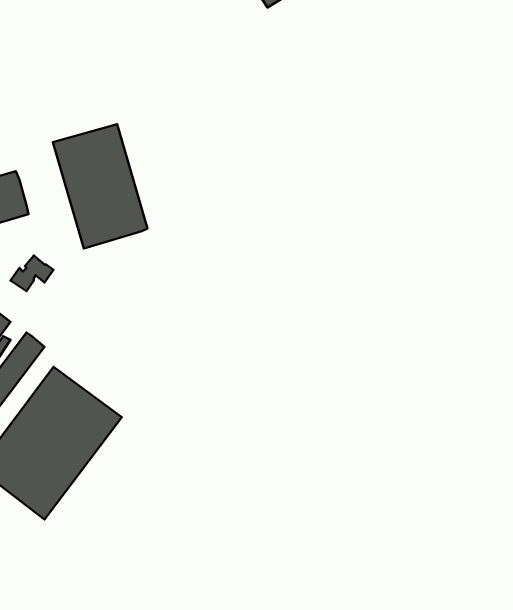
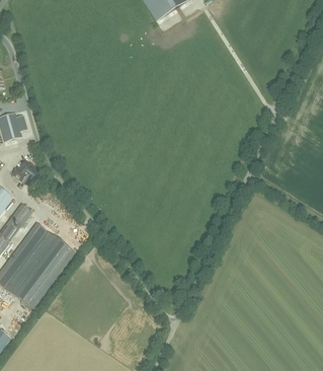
building: [53,124,147,249] -> none

